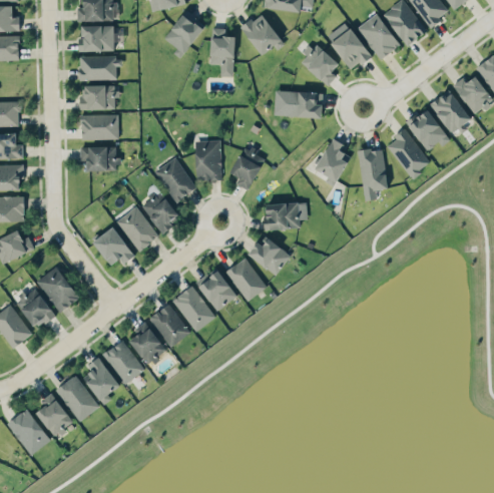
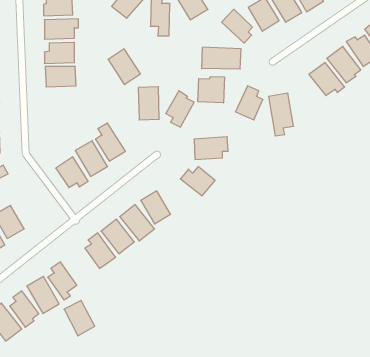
building: none -> [198,77,224,103]
building: [389,127,429,177] -> none
building: [80,146,119,170] -> none
building: [155,157,195,201] -> [108,49,140,84]
building: [226,258,266,301] -> none
building: [36,266,80,312] -> none
building: [104,340,142,384] -> [64,300,95,336]

